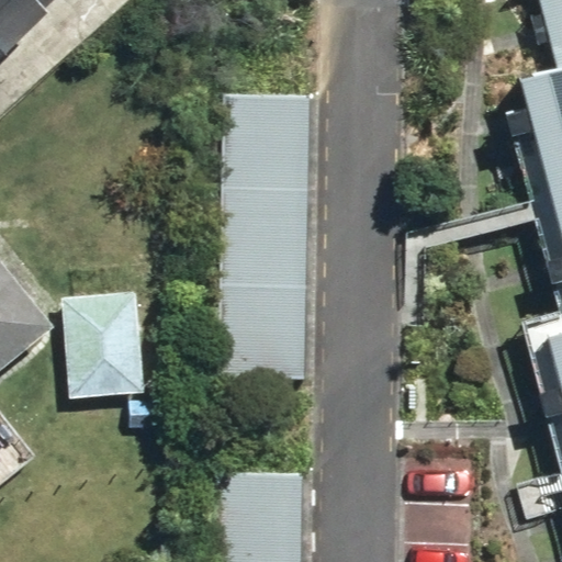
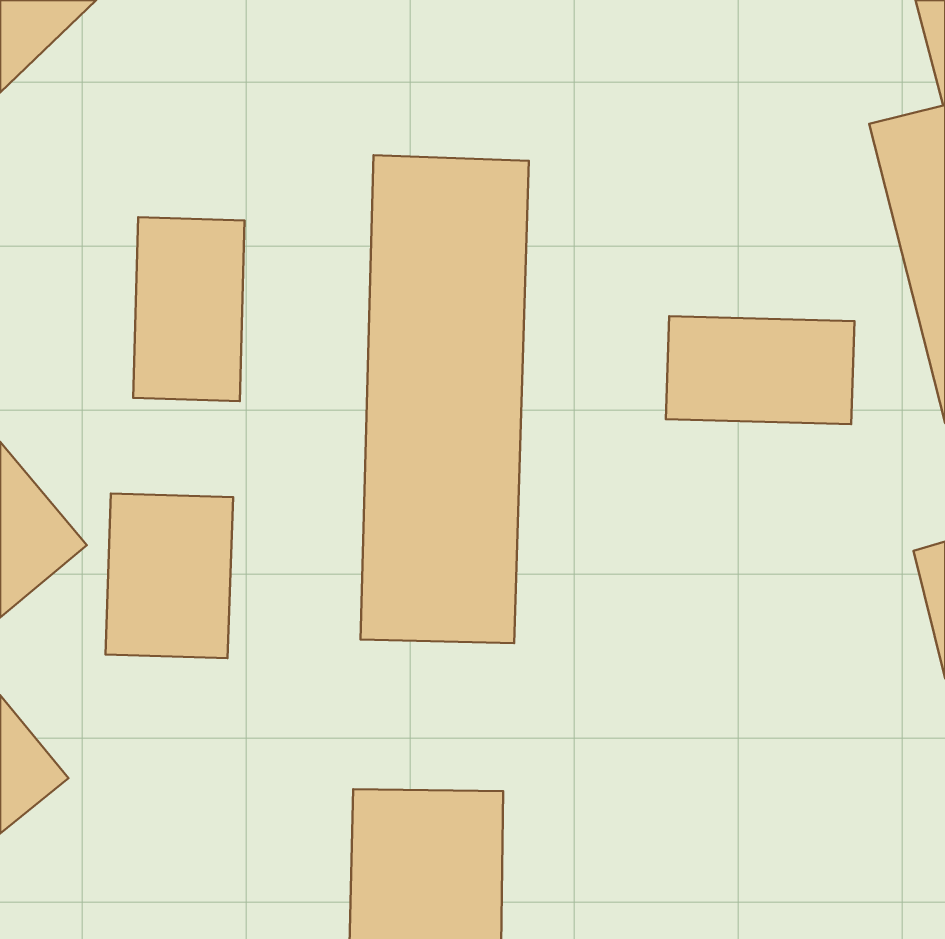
building: none -> [133,217,245,401]
building: none -> [666,316,854,424]

